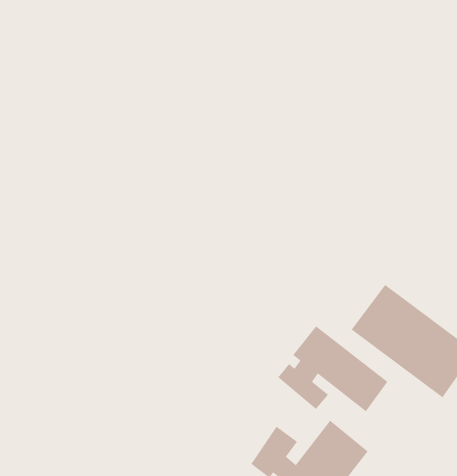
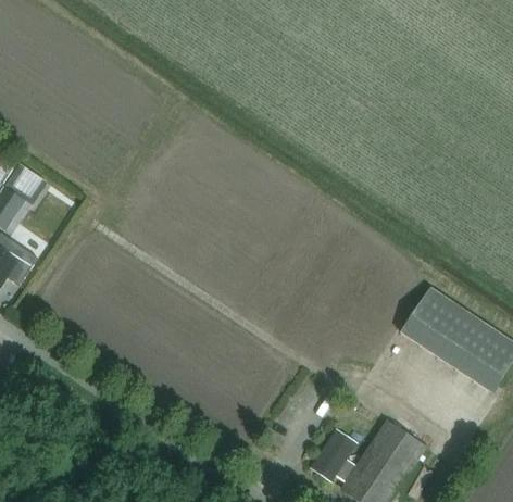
building: [277,325,388,412] -> none

